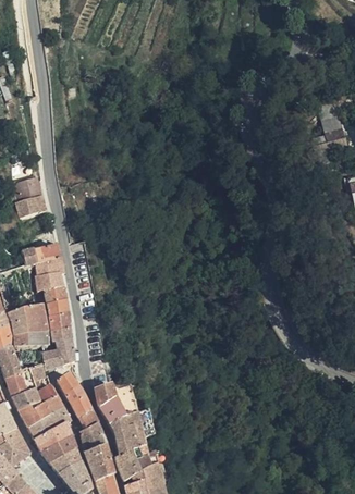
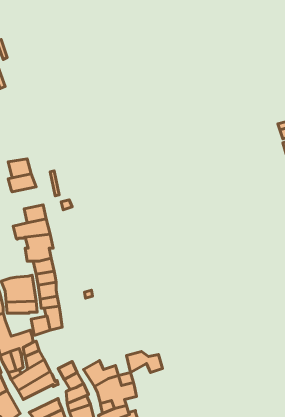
building: [57,370,87,405] -> none
building: [95,383,134,406] -> [126,351,163,372]
building: [34,422,72,453] -> none

